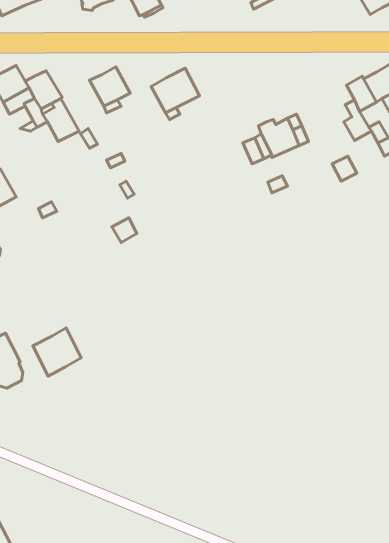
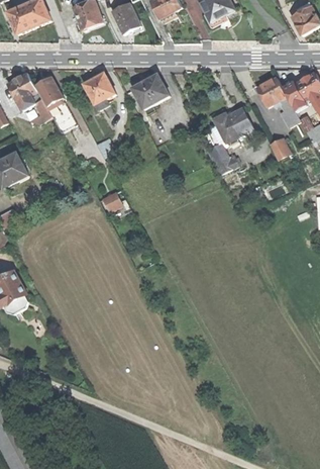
building: none -> [257,79,288,109]
building: [33,328,81,376] -> none

